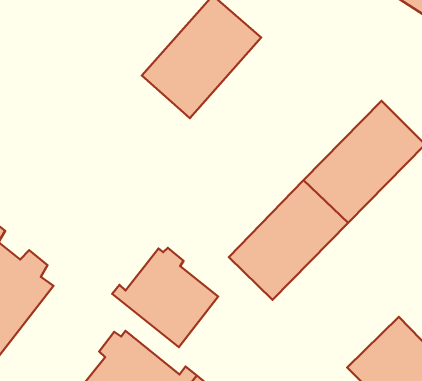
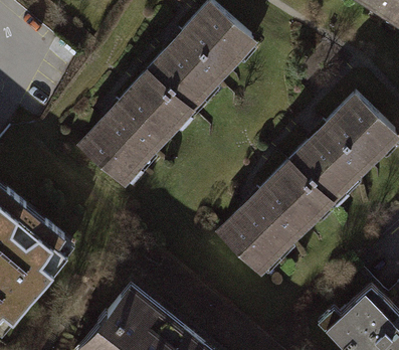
building: none -> [80,72,187,182]
building: [112,248,218,347] -> none

